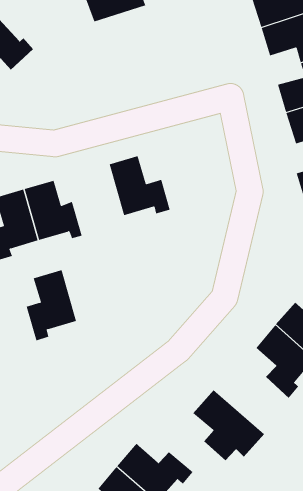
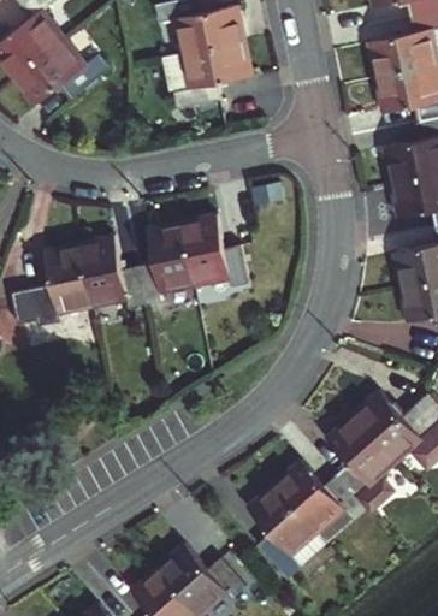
building: none -> [159,36,245,107]
building: [26,269,77,341] -> [131,217,189,297]
building: none -> [277,464,363,545]

